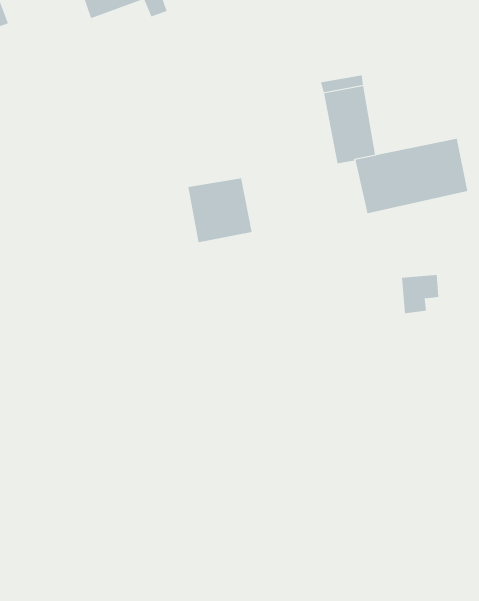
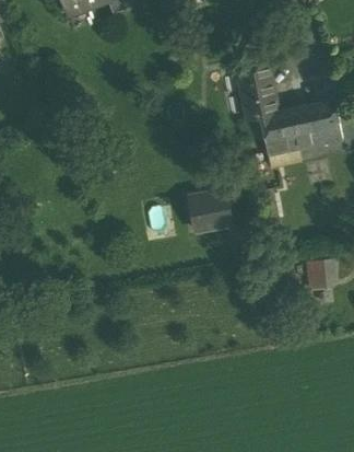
building: [187,178,252,243] -> [187,188,234,235]
building: [401,275,439,314] -> [308,263,335,291]

